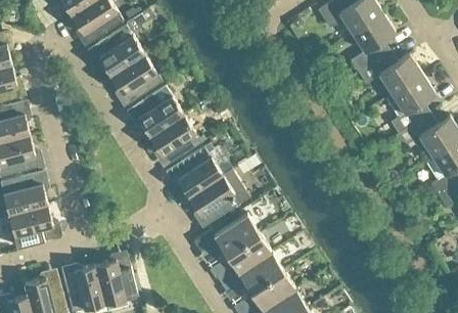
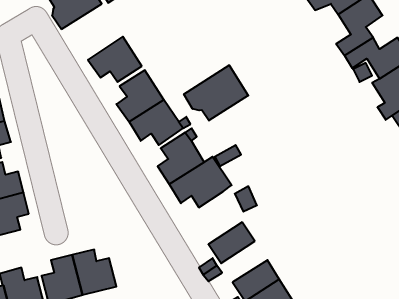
building: [99,25,144,76] -> none
building: none -> [184,65,248,121]
building: [194,214,260,255] -> none
building: [239,252,284,292] -> none

